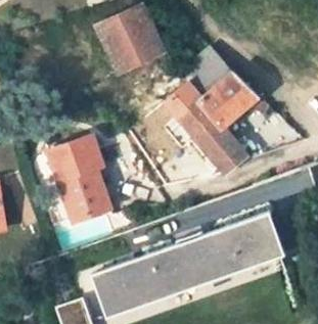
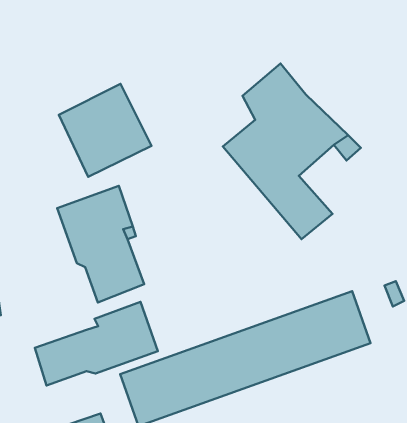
building: [96,8,164,76] -> [59,84,151,177]
building: none -> [35,302,158,386]

